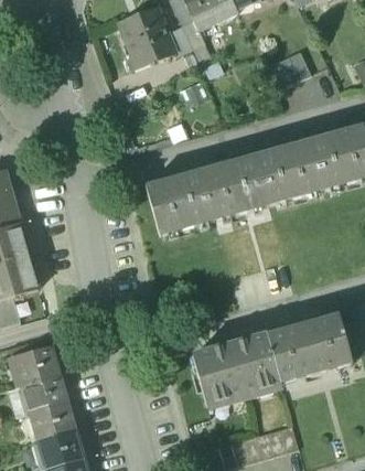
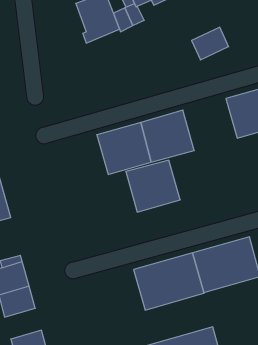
building: [254,140,322,205] -> [126,160,180,212]
building: [30,403,76,441] -> none

